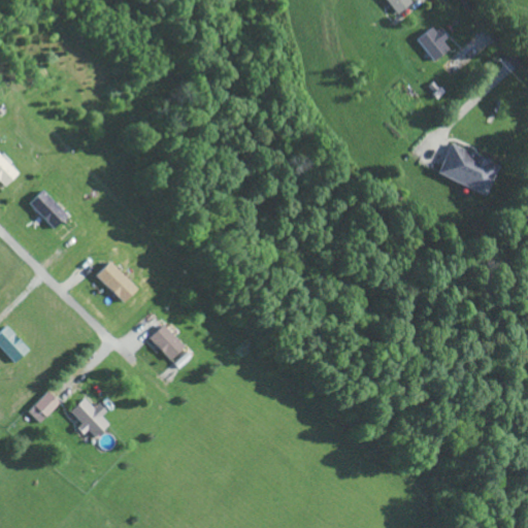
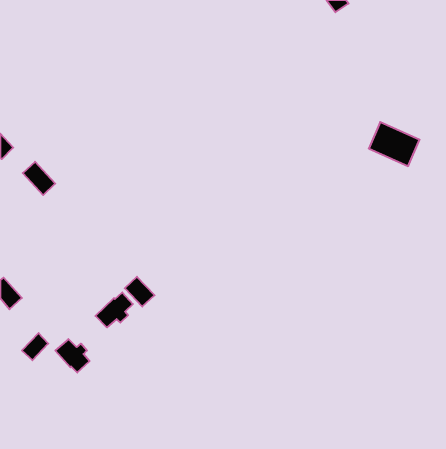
building: [420,27,453,61] -> none
building: [96,261,137,302] -> none
building: none -> [95,292,133,327]

